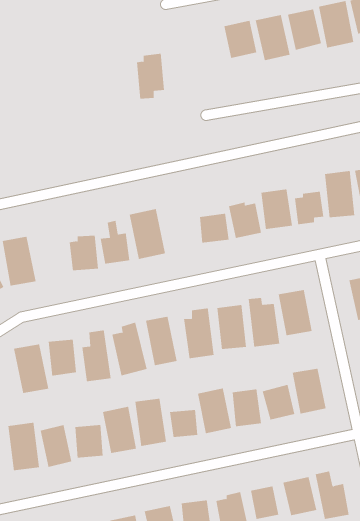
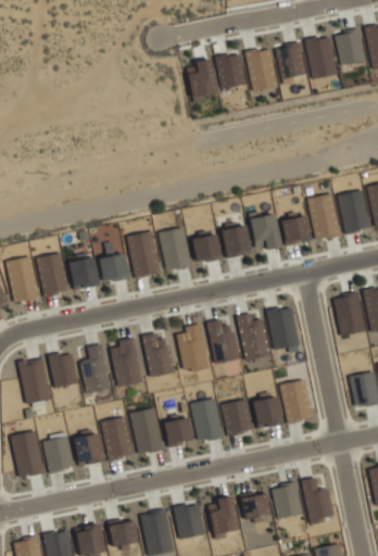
building: [136,53,165,99] -> [189,59,216,102]
building: none -> [160,227,192,271]
building: none -> [38,253,68,295]

